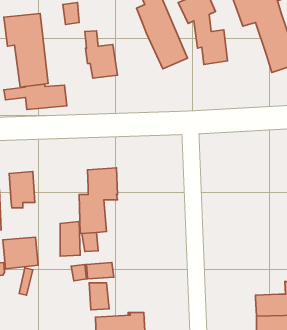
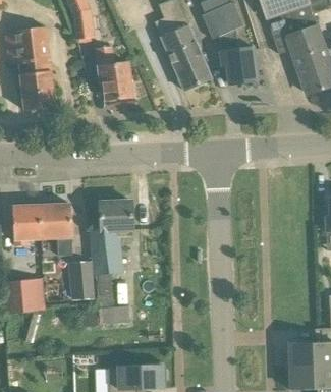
building: [4,84,67,110] -> none
building: none -> [39,203,72,255]
building: [89,283,109,310] -> none

